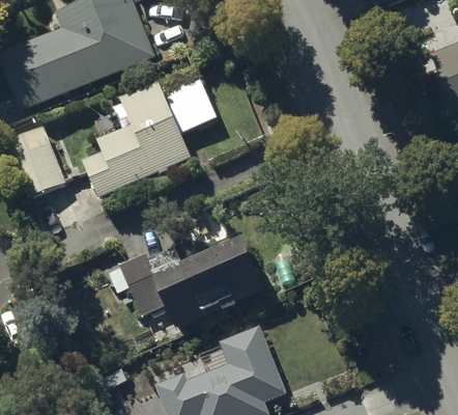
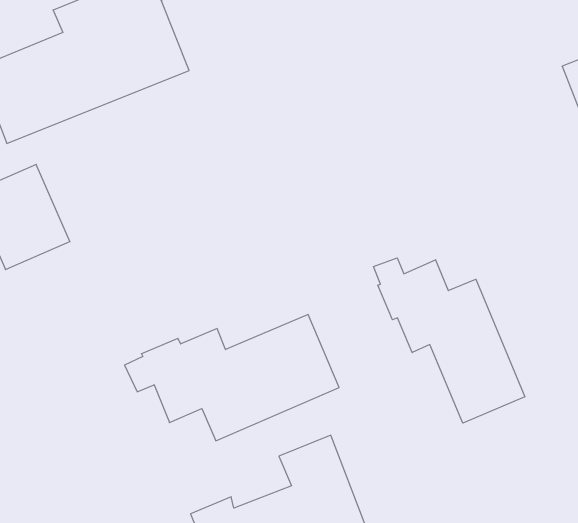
building: [81,70,217,198] -> none
building: none -> [374,258,525,423]

